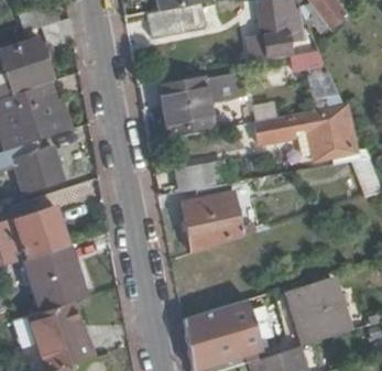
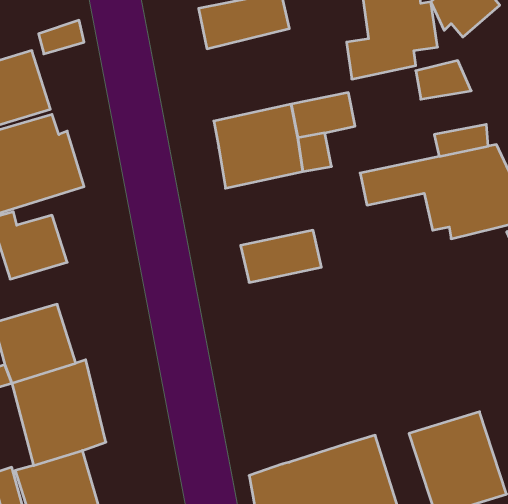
building: [179,189,244,255] -> none

